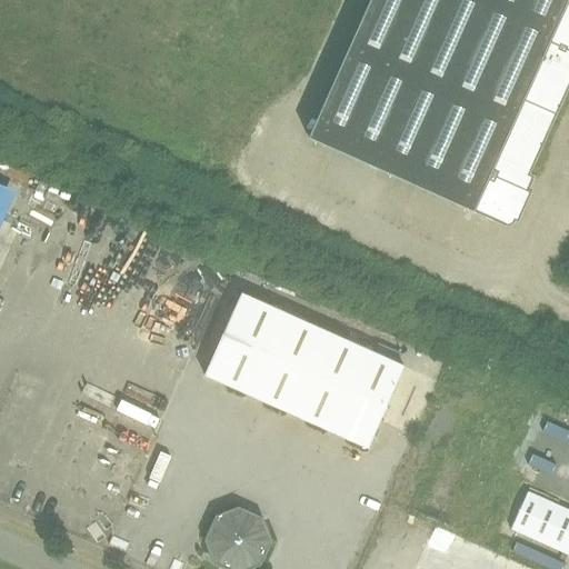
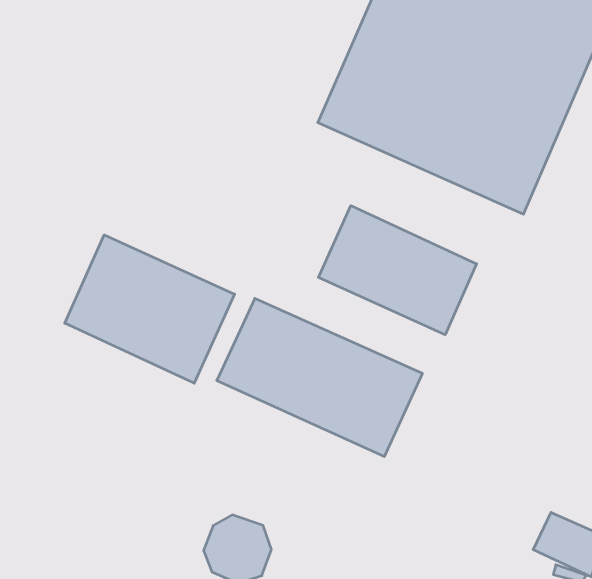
building: none -> [318,206,477,335]
building: none -> [65,235,235,383]

